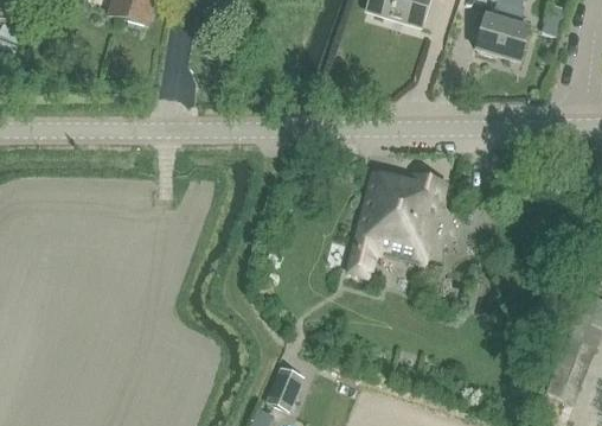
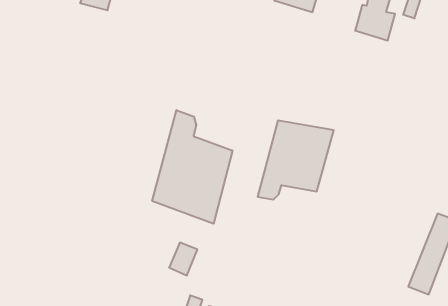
building: none -> [152,110,232,224]
building: [265,367,303,411] -> [169,243,197,275]

